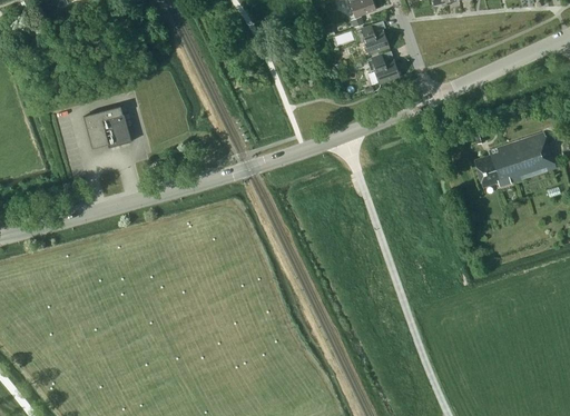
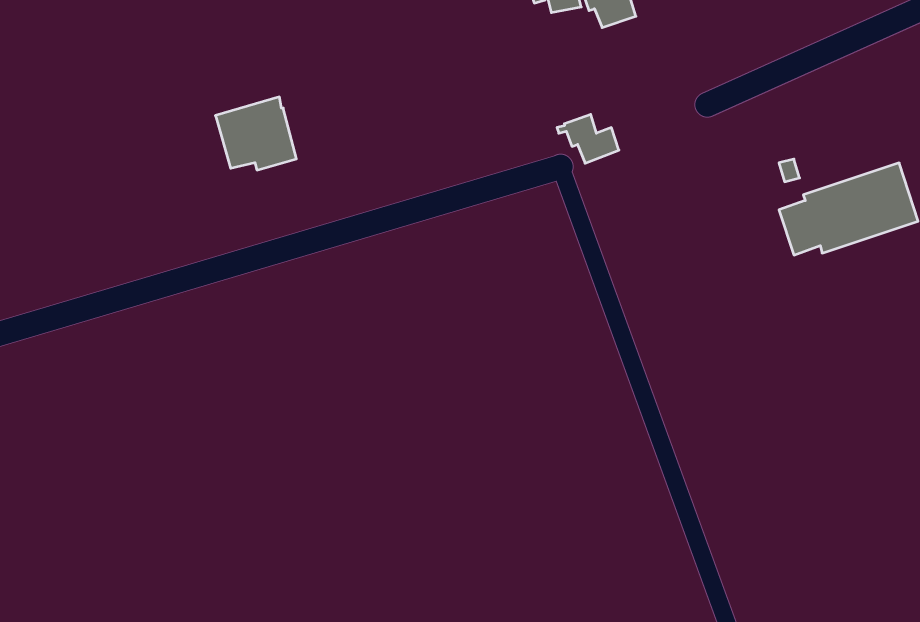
building: [362,52,399,81] -> [557,114,619,163]
building: [83,103,131,147] -> [215,97,296,170]

